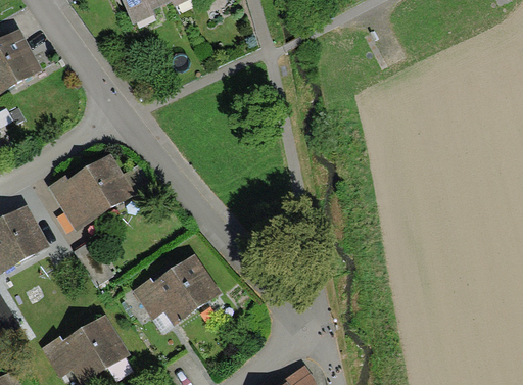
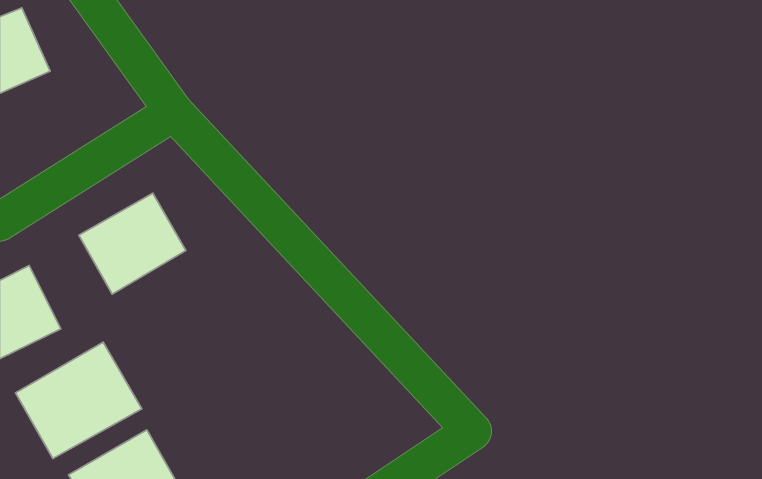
building: [137,256,215,322] -> none
building: none -> [15,342,142,458]

